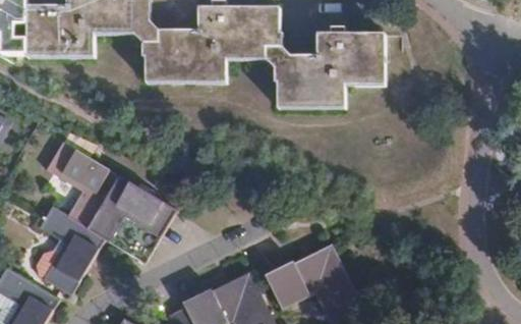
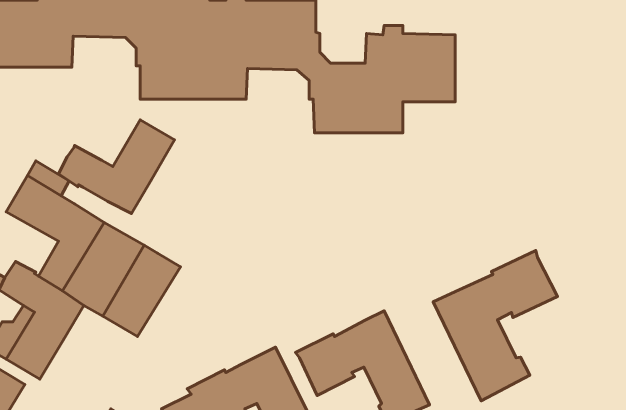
building: none -> [58,120,175,214]
building: none -> [433,251,557,401]

